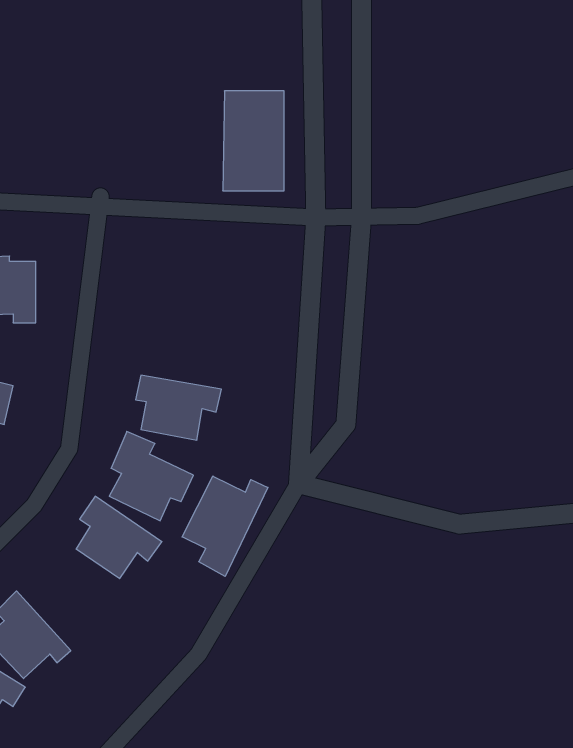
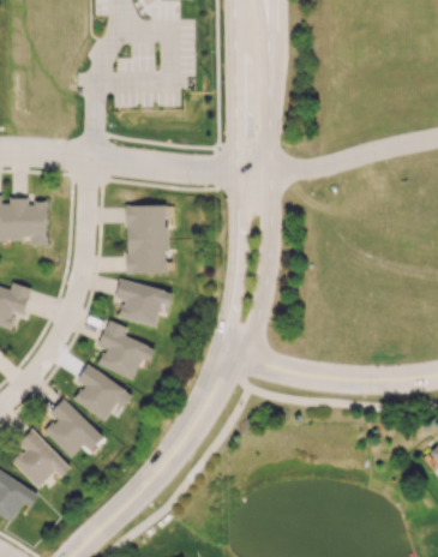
building: [223,91,284,191] -> [126,205,168,274]
building: [182,476,268,576] -> none
building: none -> [43,399,97,457]

